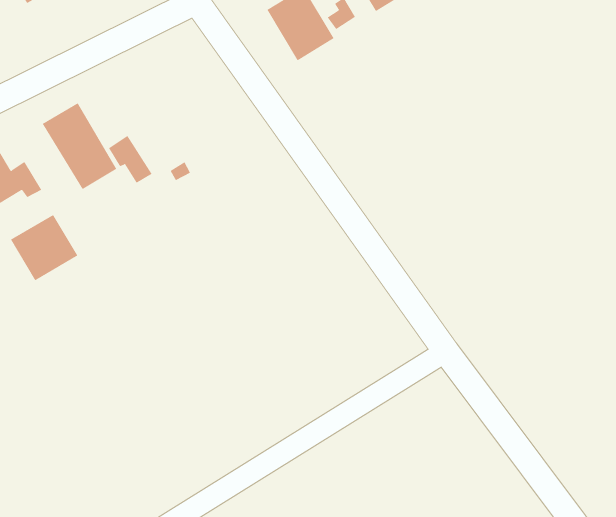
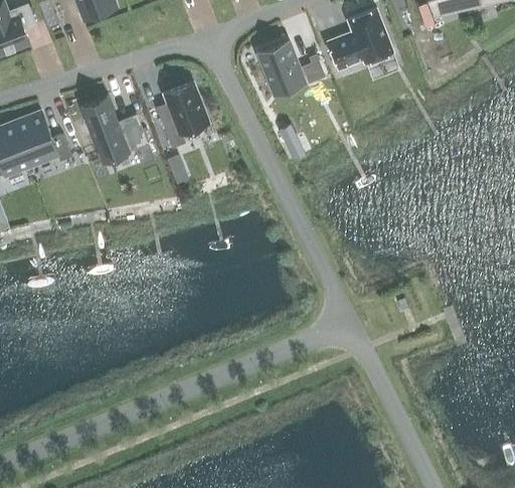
building: none -> [160,83,206,148]
building: [10,214,78,281] -> none

